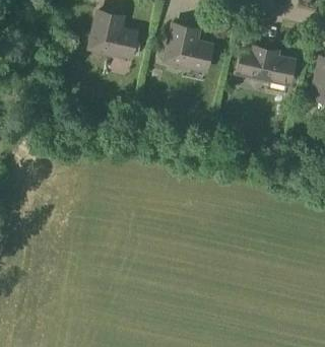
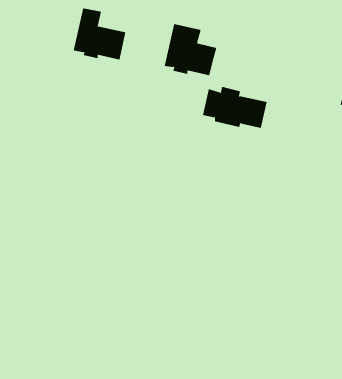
building: [239,49,294,84] -> [202,86,268,129]

